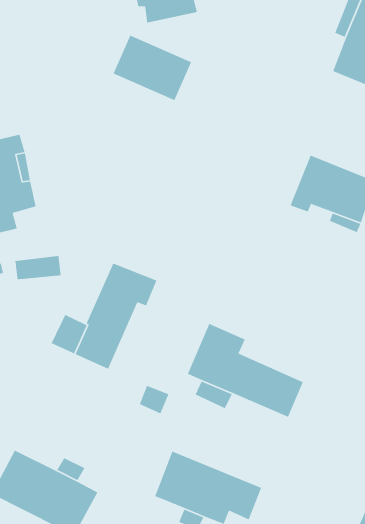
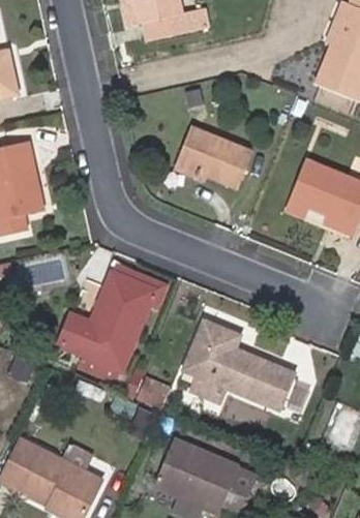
building: [112,35,192,101] -> [177,124,252,187]

